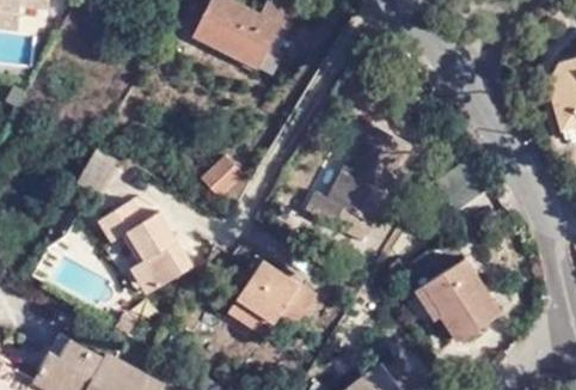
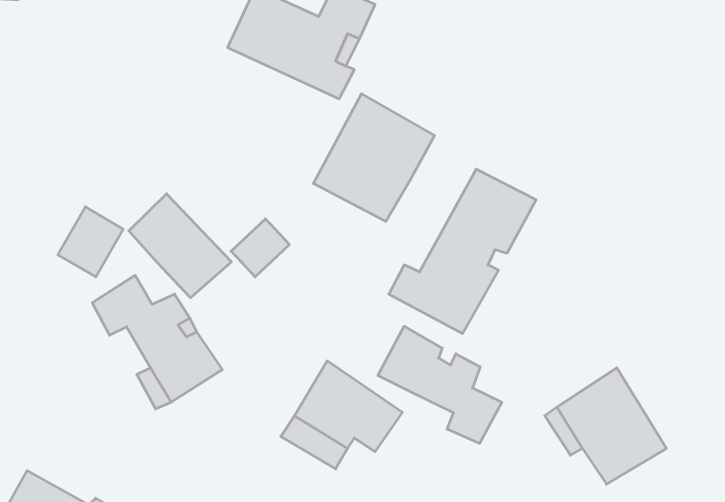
building: none -> [313,94,434,221]
building: none -> [129,194,231,298]
building: none -> [378,326,502,443]

